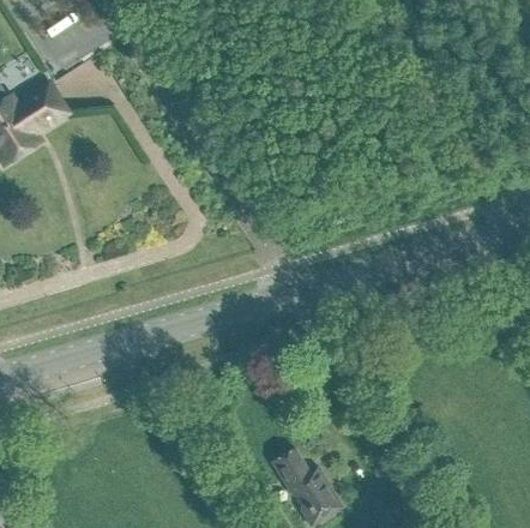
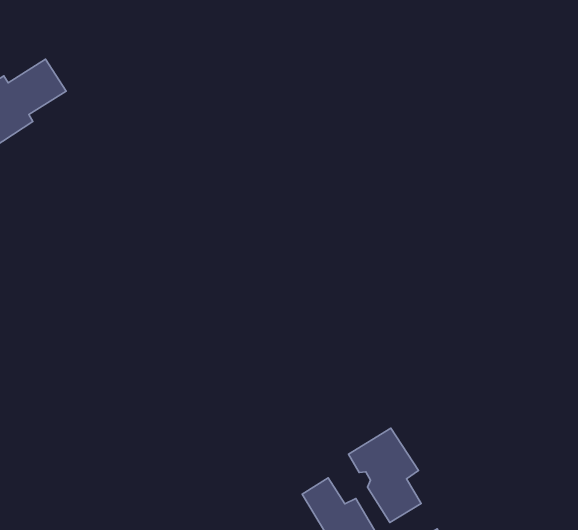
building: none -> [348,428,421,523]

